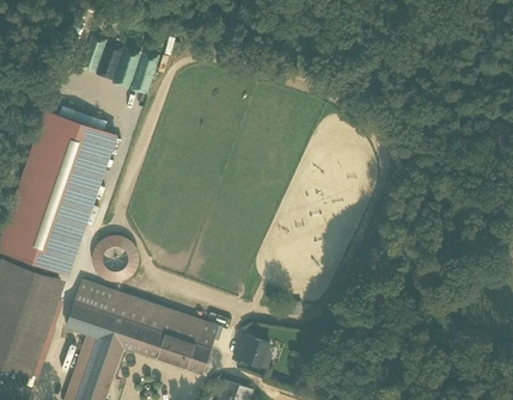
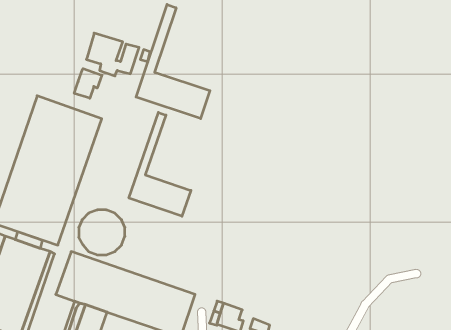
building: none -> [136,4,210,119]
building: none -> [74,69,102,98]
building: none -> [129,112,191,216]

